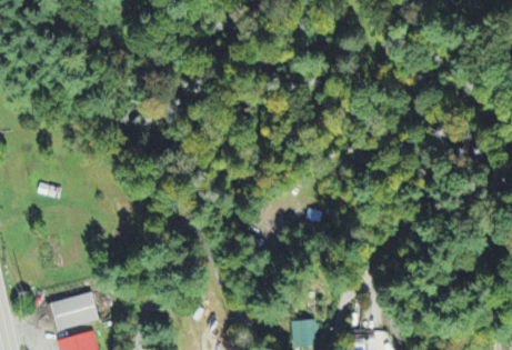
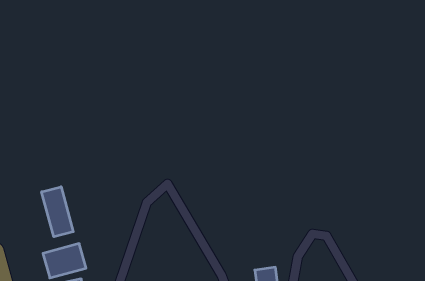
building: none -> [42,187,73,237]

